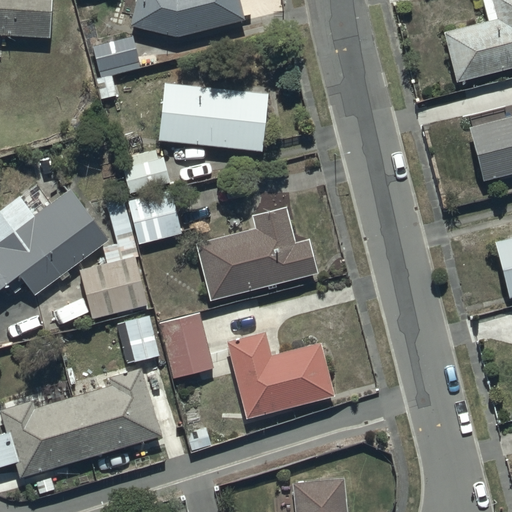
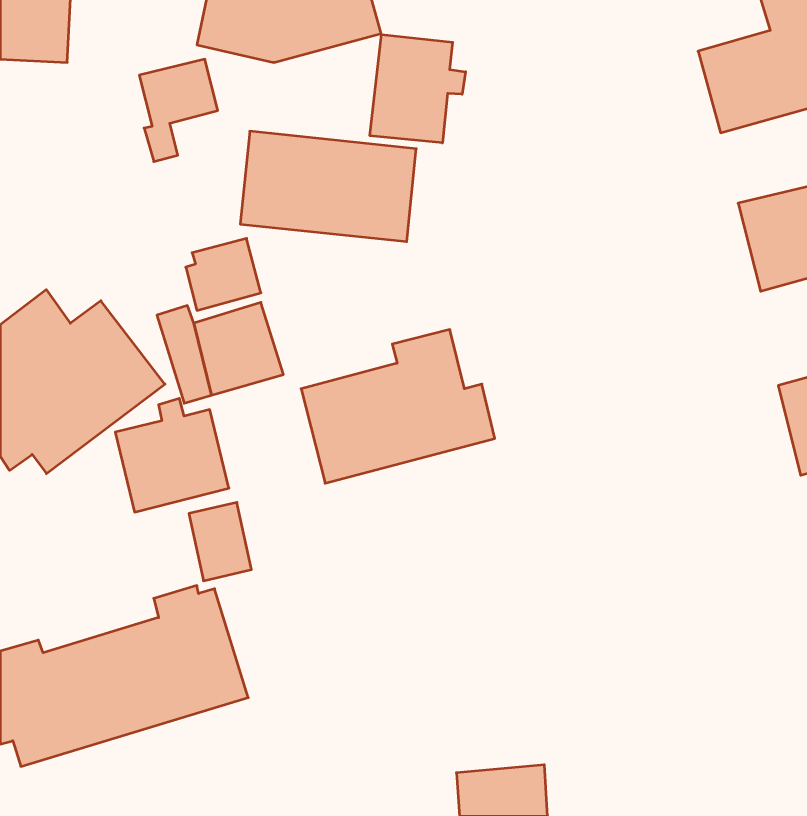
building: none -> [370,35,466,143]
building: [161,313,216,378] -> none
building: [226,330,336,420] -> none

